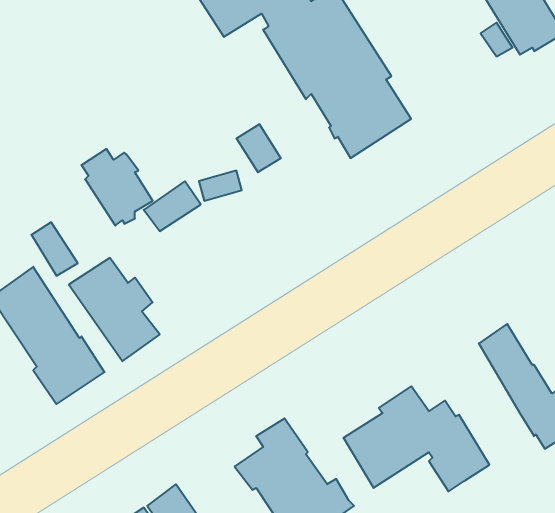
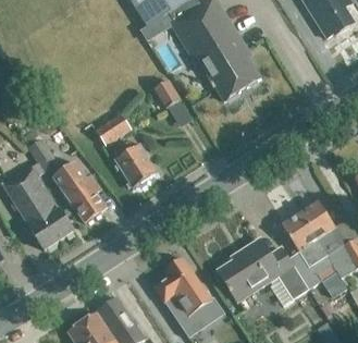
building: [81,149,153,226] -> [113,140,157,187]
building: none -> [283,212,335,286]

